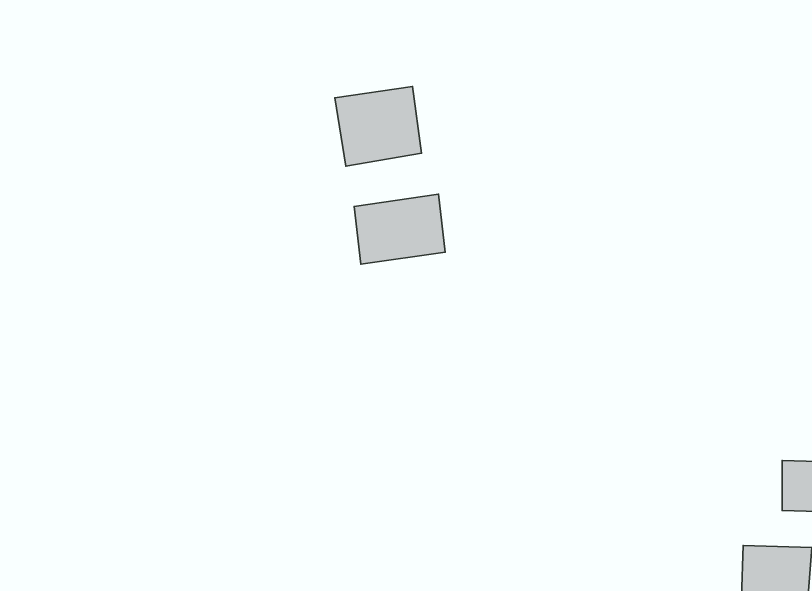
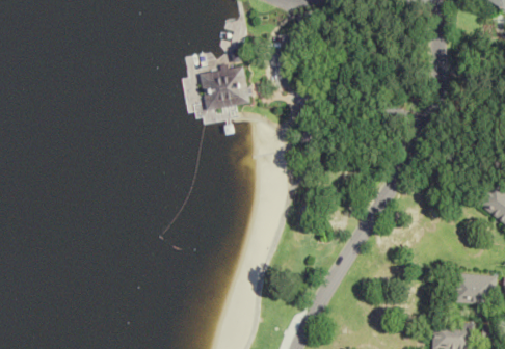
building: [354,194,445,264] -> none

